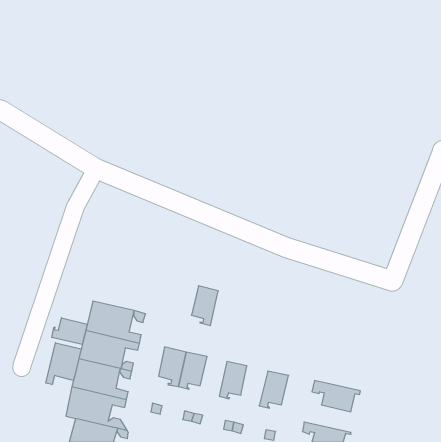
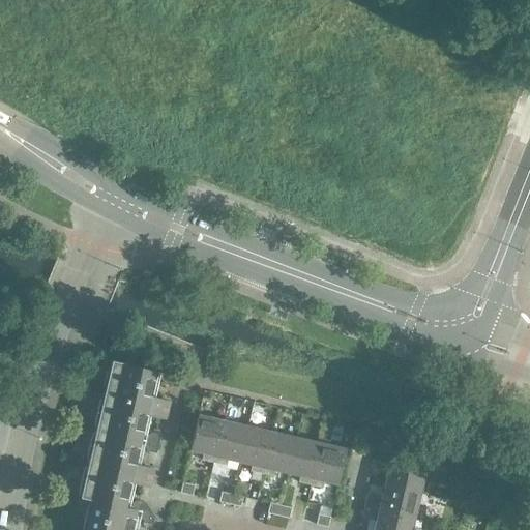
building: [191,286,218,326] -> [241,426,273,474]
building: [52,318,87,344] -> none
building: [46,343,81,385] -> none
building: none -> [290,438,322,485]
building: none -> [365,484,422,518]

